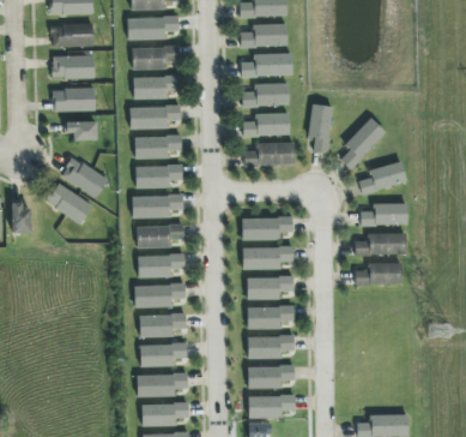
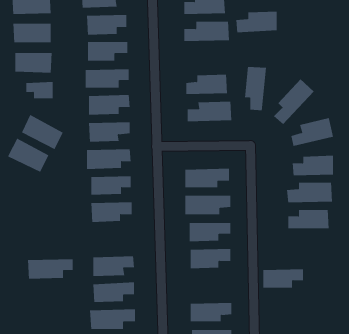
building: [242,83,289,107] -> [235,11,278,33]
building: [134,285,186,307] -> [27,259,74,279]
building: [248,336,293,358] -> [263,269,304,288]

